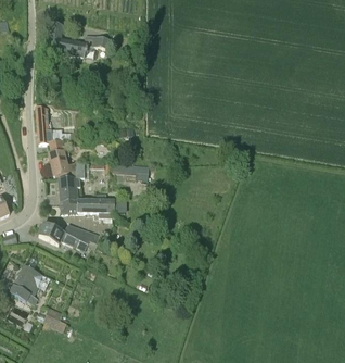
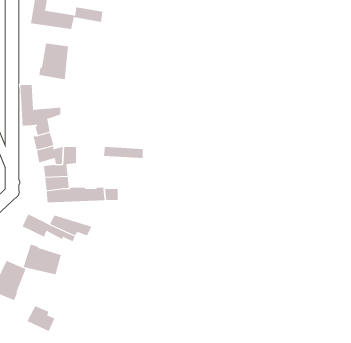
building: none -> [39,42,68,80]
building: none -> [23,244,62,275]

